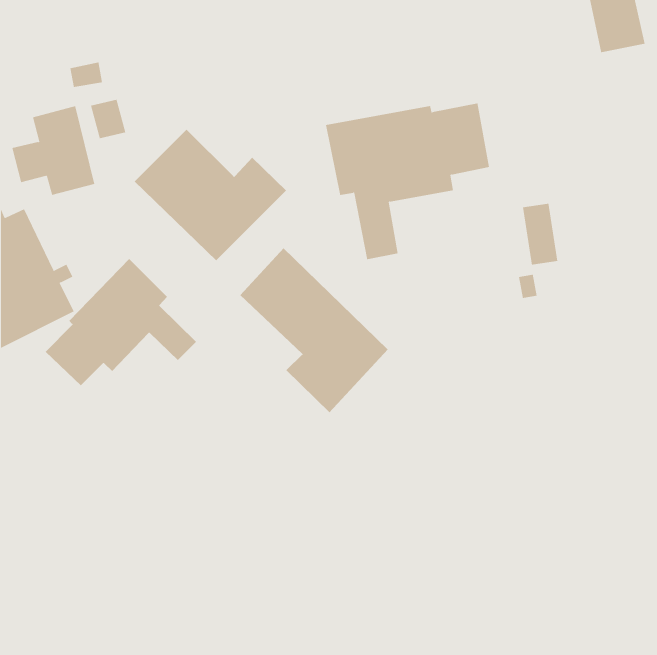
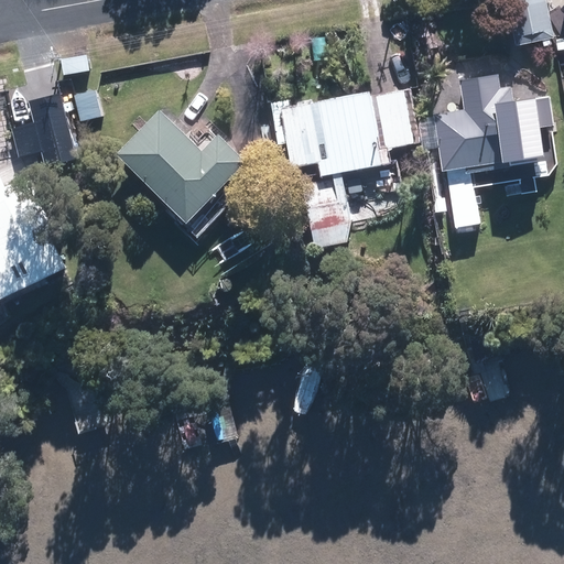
building: none -> [433,74,553,171]
building: [240,248,389,413] -> none
building: [45,258,197,386] -> none

